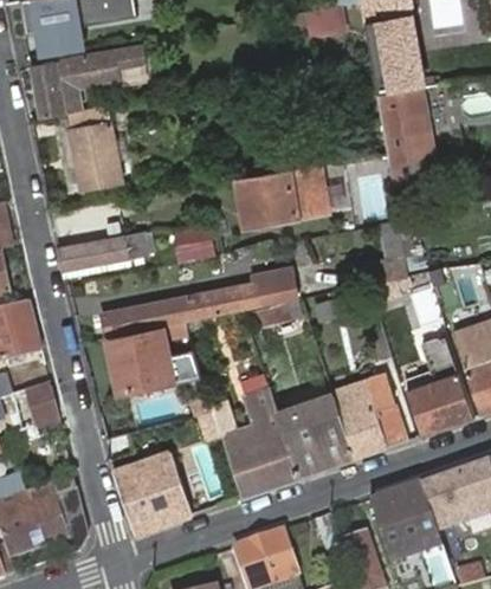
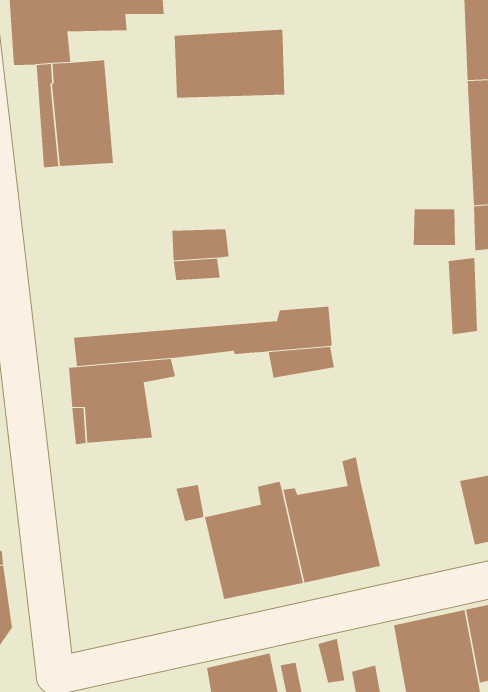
building: [239,162,327,222] -> [174,29,285,98]
building: [60,232,147,270] -> none
building: [334,382,406,457] -> none
building: [114,451,190,531] -> none

